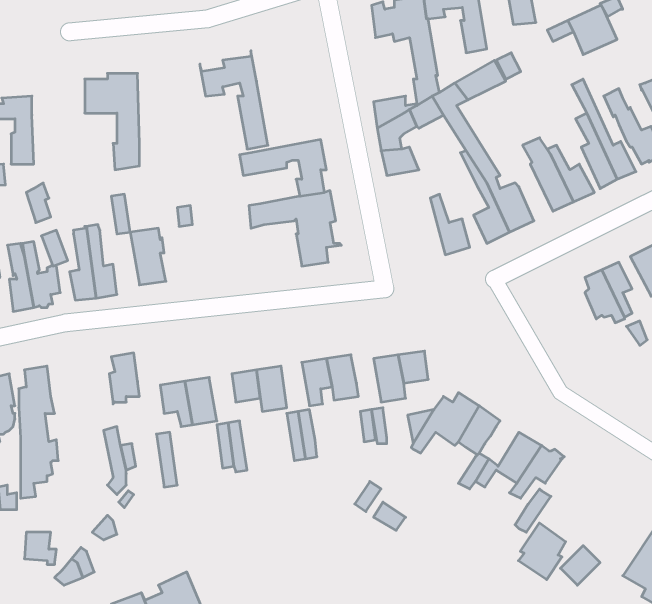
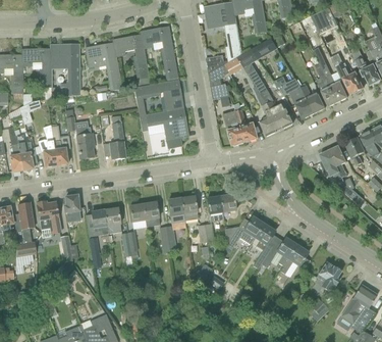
building: none -> [140,26,177,78]
building: none -> [85,39,121,89]
building: none -> [21,47,51,86]
building: none -> [222,109,244,145]
building: none -> [109,114,125,158]
building: none -> [36,200,60,236]
building: [518,523,566,580] -> [315,260,340,291]

